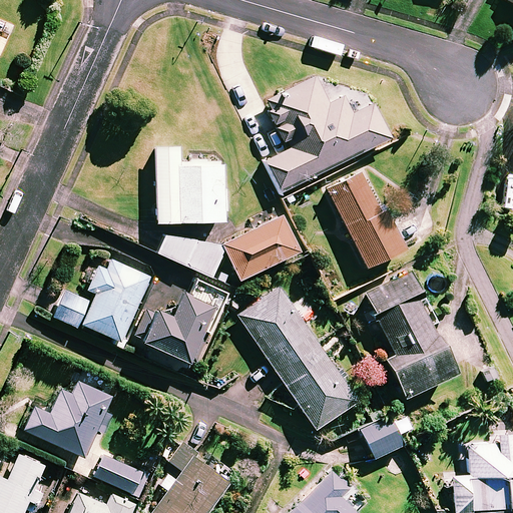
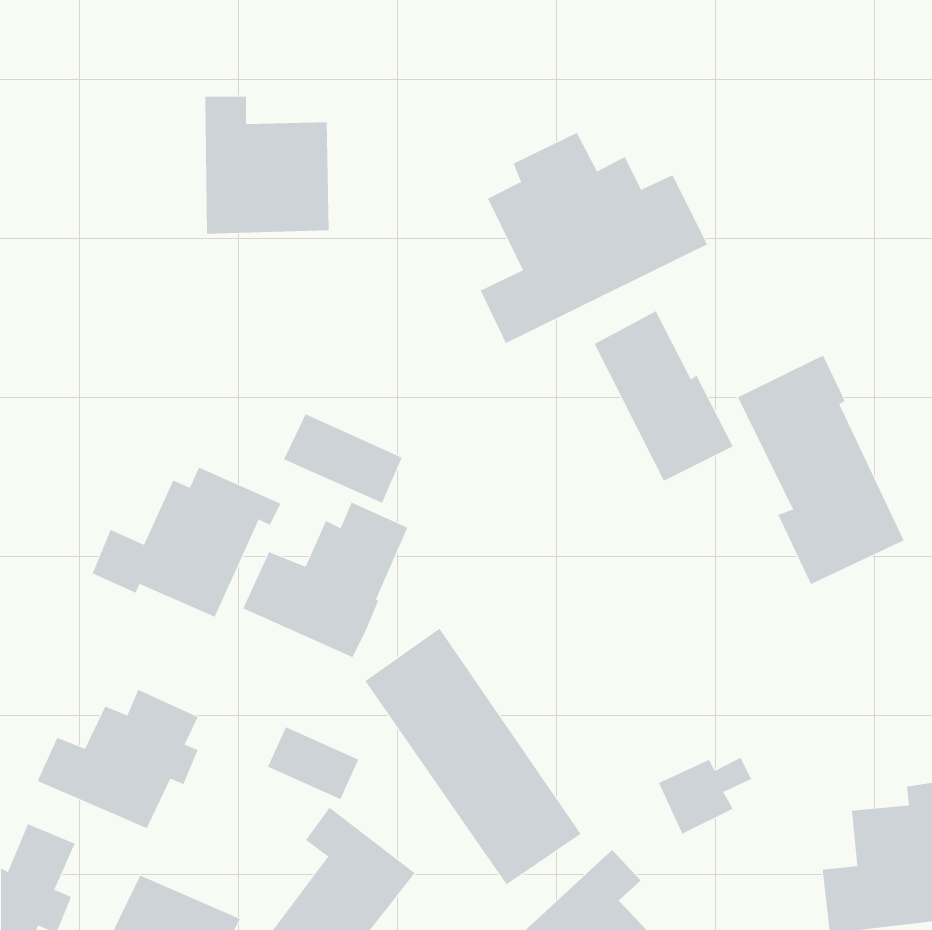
building: [156,147,224,222] -> [204,96,329,234]
building: [223,216,300,281] -> none
building: [364,271,455,396] -> [737,355,904,585]
building: [238,289,357,429] -> [365,628,581,885]
building: [92,455,142,495] -> [267,726,359,800]

